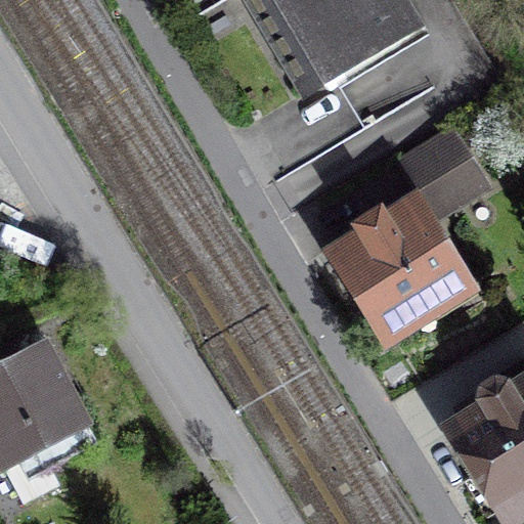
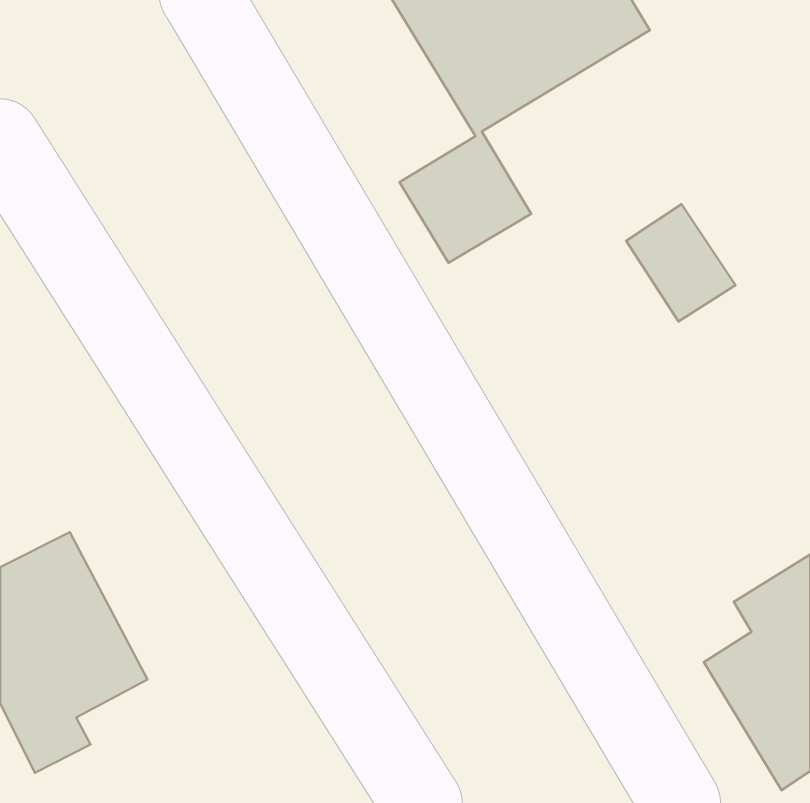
building: [332,194,463,332] -> none

